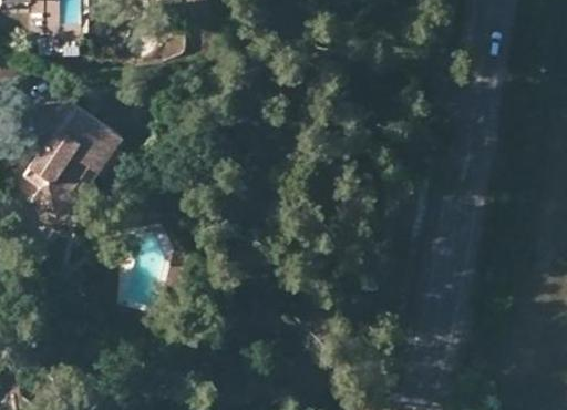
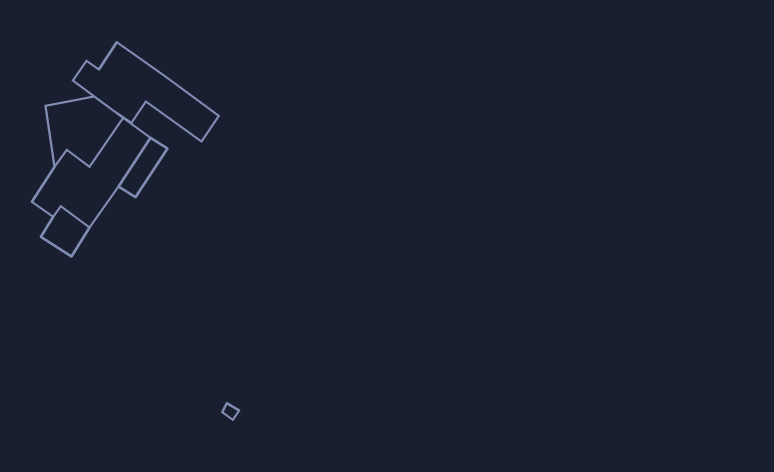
building: none -> [73,42,219,141]

